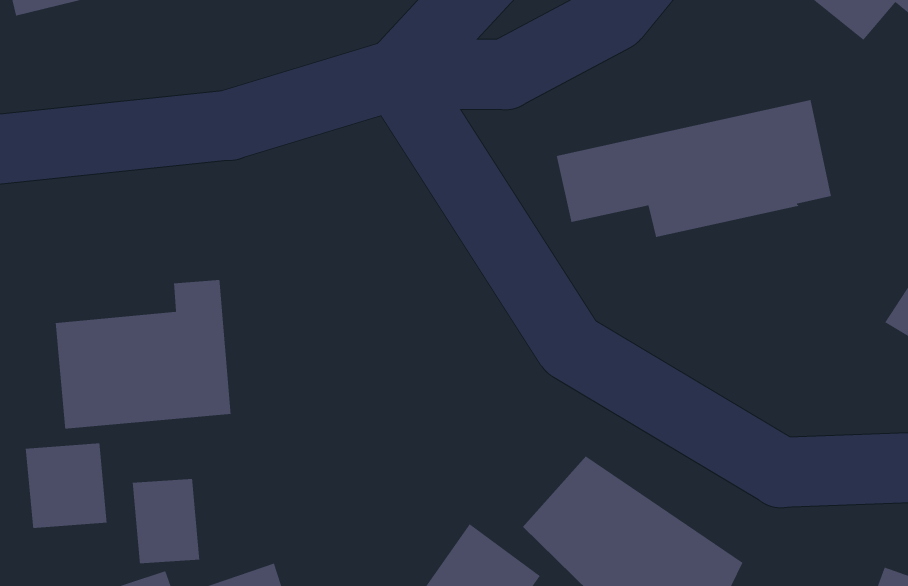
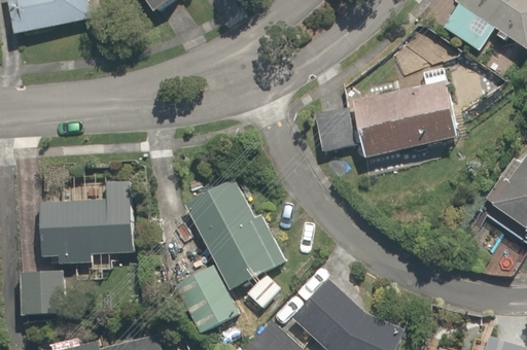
building: none -> [172,178,286,336]
building: [132,478,200,564] -> none

